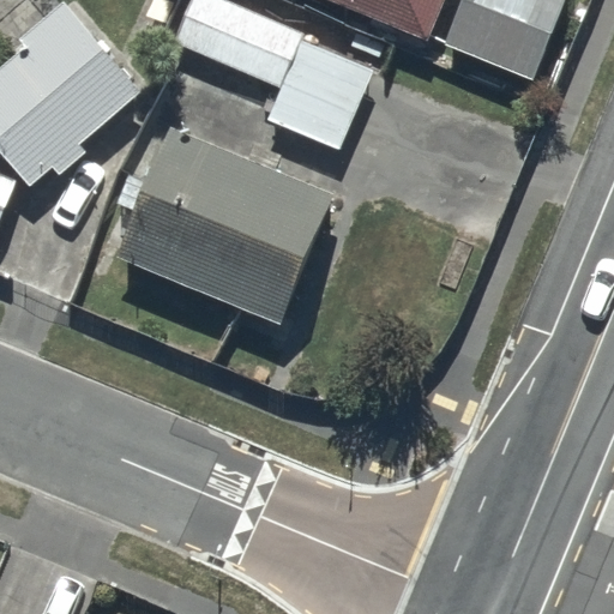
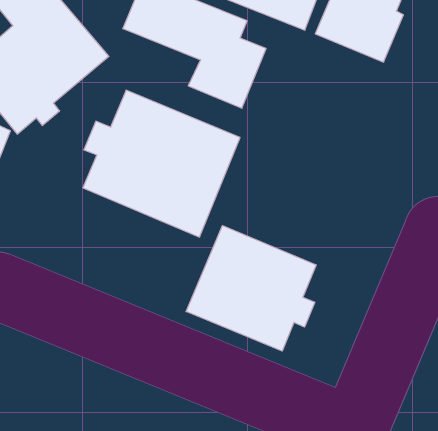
building: none -> [186,226,316,351]

